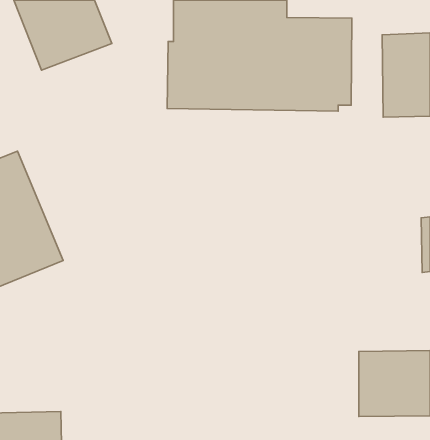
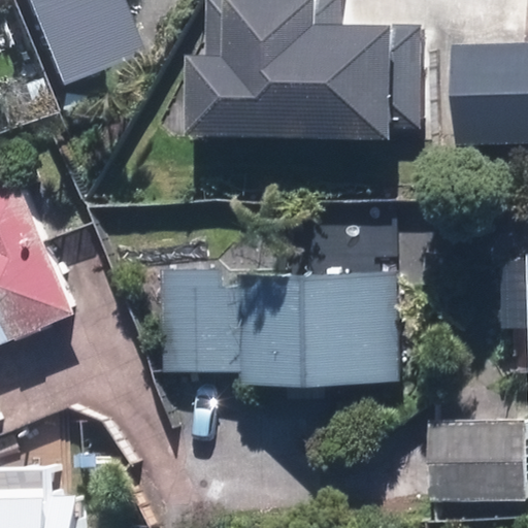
building: none -> [198,273,402,385]

